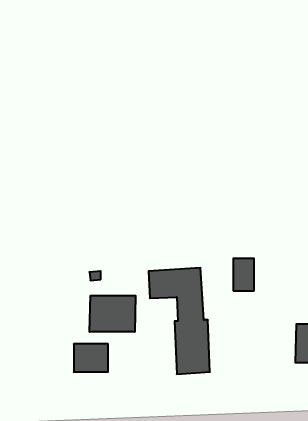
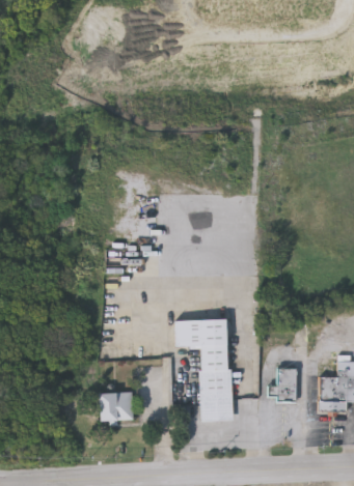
building: [233,258,254,291] -> [276,368,297,400]
building: [90,296,136,332] -> none

